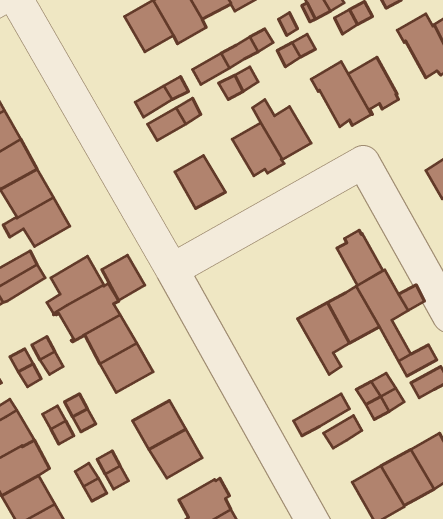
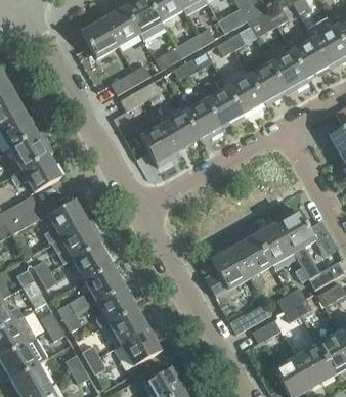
building: none -> [81,18,118,57]
building: none -> [292,37,329,77]
building: none -> [226,74,264,114]
building: none -> [162,111,200,150]
building: [337,230,383,285] -> none
building: [102,255,145,301] -> none
building: none -> [205,246,250,296]
building: none -> [95,285,136,326]

